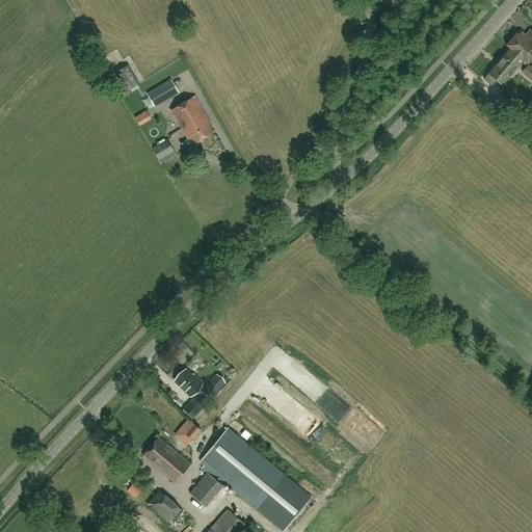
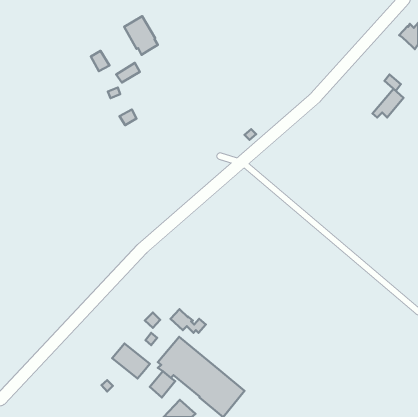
building: [484,48,524,84] -> [372,89,403,117]
building: [170,96,213,144] -> [124,16,158,55]
building: [175,368,219,398] -> [171,309,206,333]
building: [148,489,181,523] -> none

